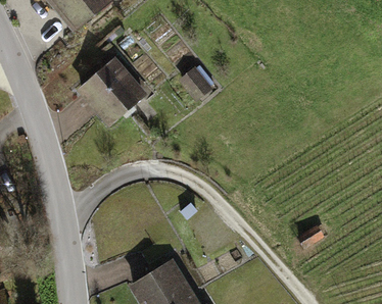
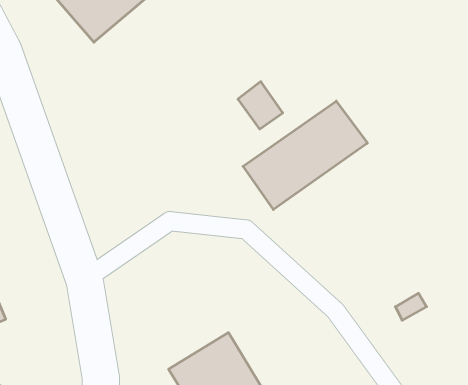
building: [83,64,141,123] -> none
building: none -> [243,101,367,210]

